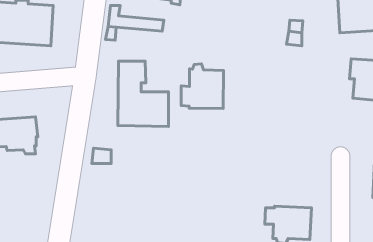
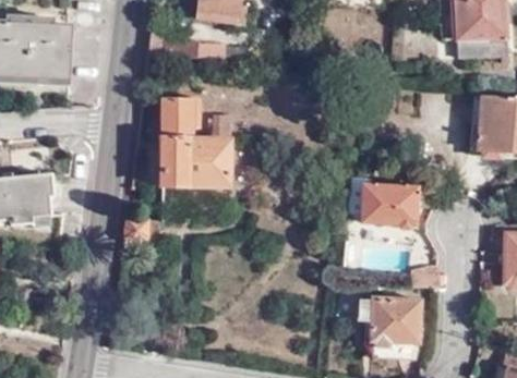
building: [181,64,223,108] -> none
building: none -> [349,179,434,230]

